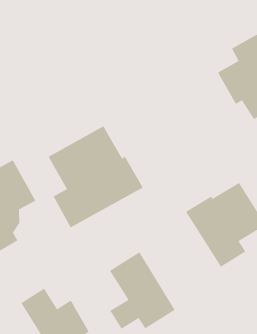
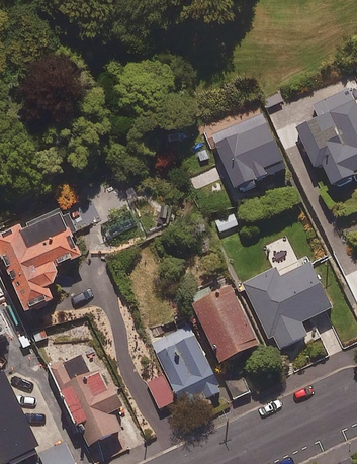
building: none -> [211,117,283,192]
building: [48,125,143,228] -> none
building: none -> [193,285,260,362]

